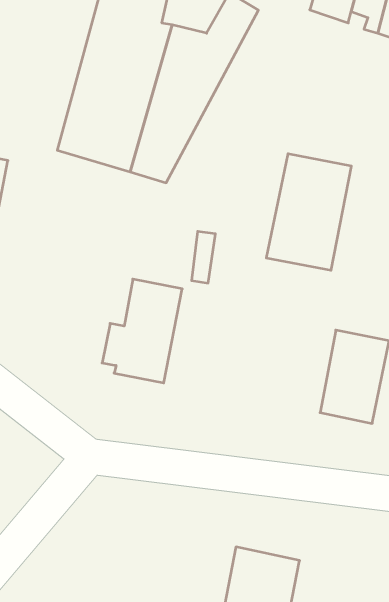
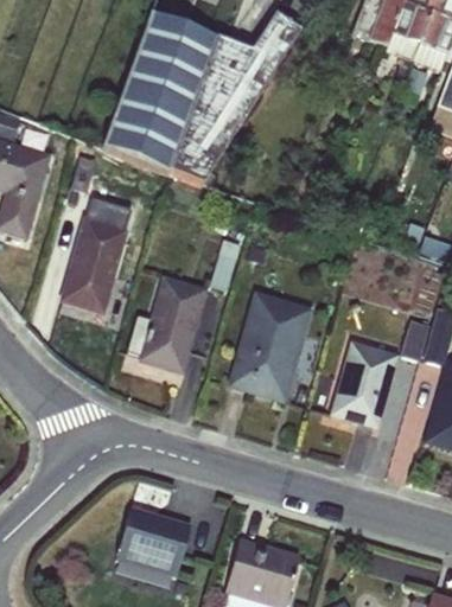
building: [266,154,351,270] -> [227,290,314,404]
building: none -> [59,203,132,317]
building: none -> [117,506,191,575]

